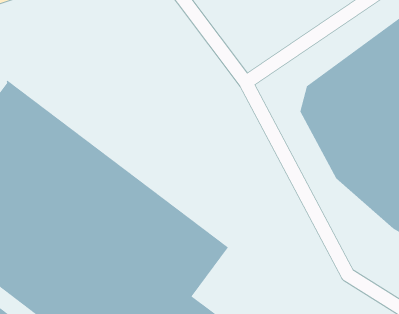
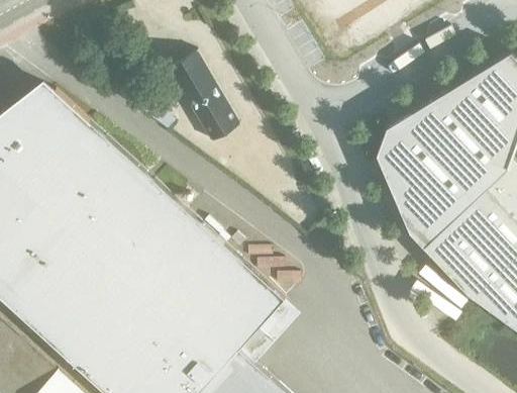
building: none -> [169,54,241,144]

